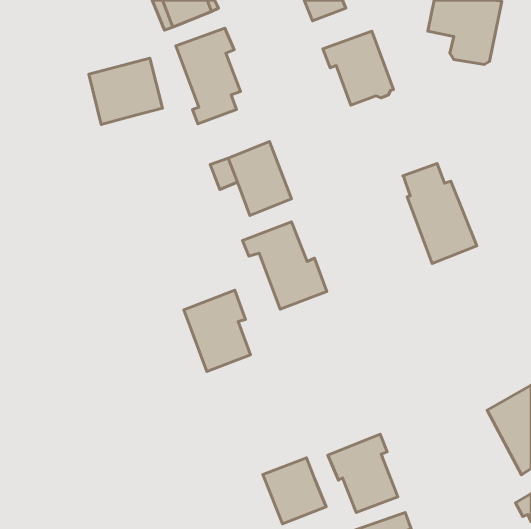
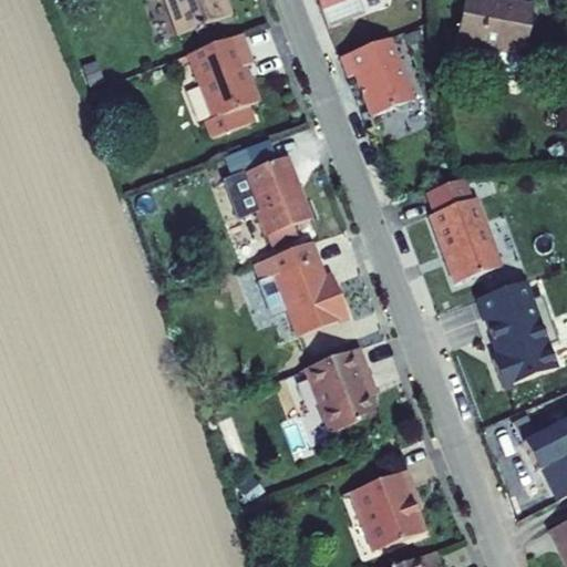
building: [89,58,162,124] -> none
building: none -> [474,282,556,385]
building: [184,290,251,371] -> [306,343,377,430]
building: [263,458,326,524] -> none

